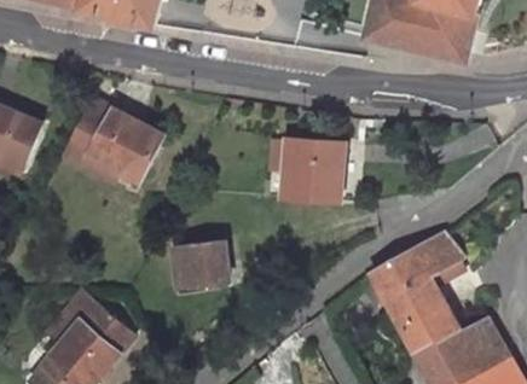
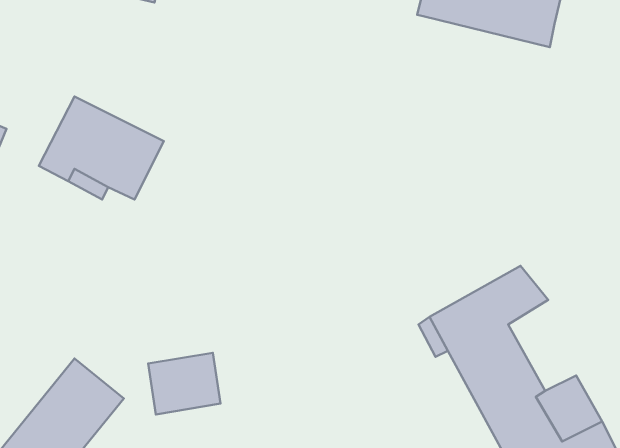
building: [283,138,344,199] -> none
building: [170,239,227,287] -> [148,353,221,414]

